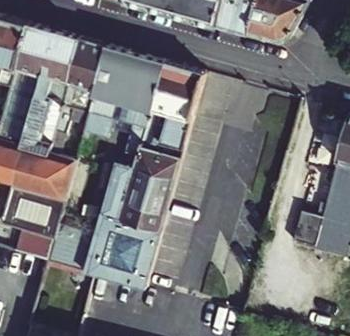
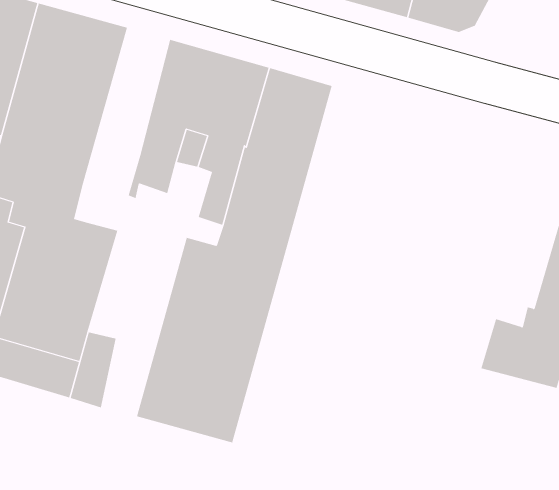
building: [53,41,105,139] -> none

